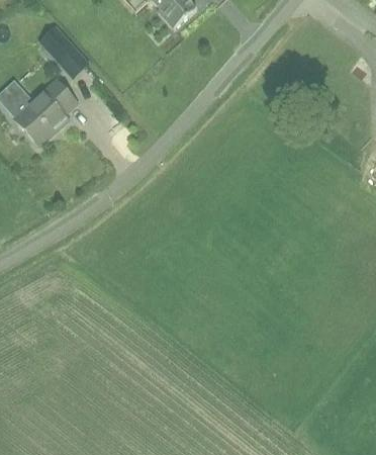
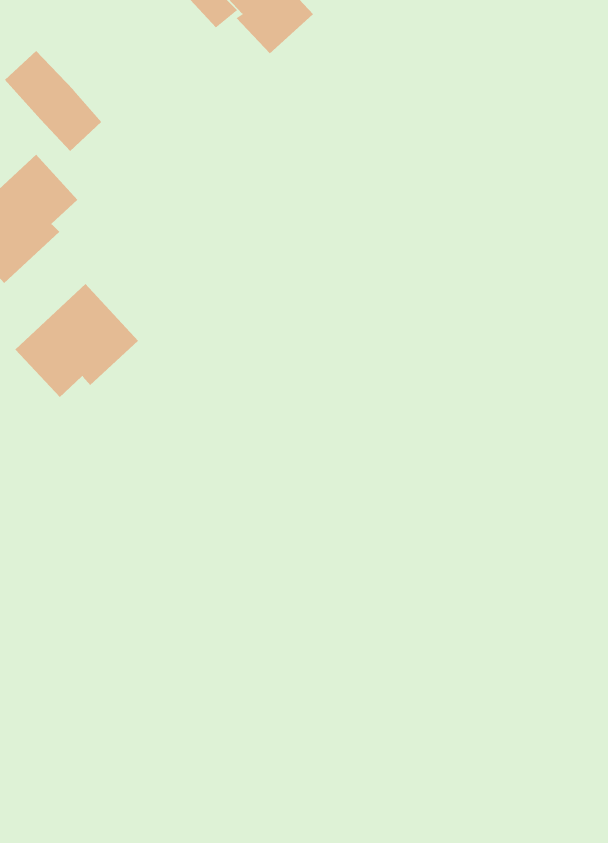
building: none -> [14,283,139,398]

